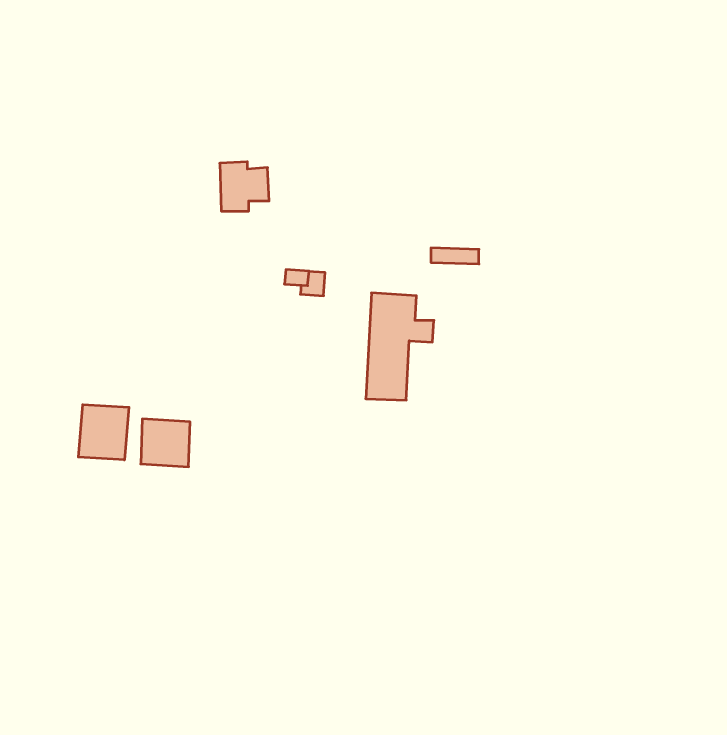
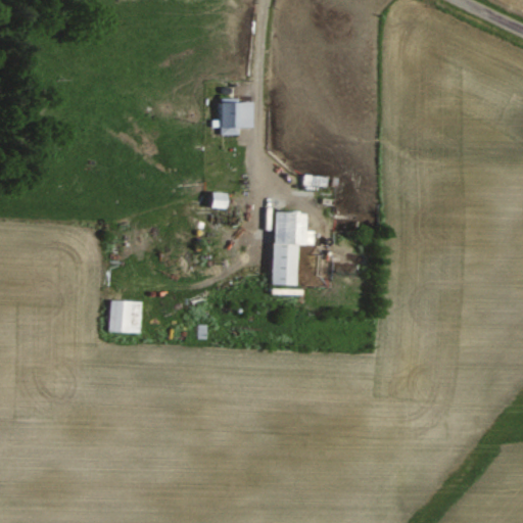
building: [220,162,269,211] -> [220,99,254,134]
building: [78,405,129,460] -> none

